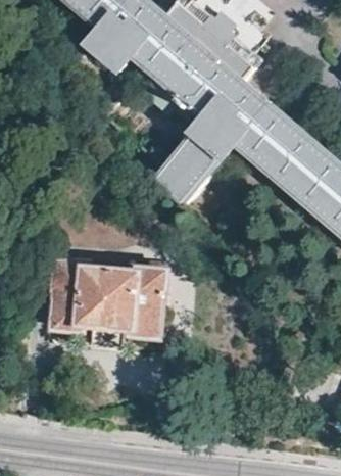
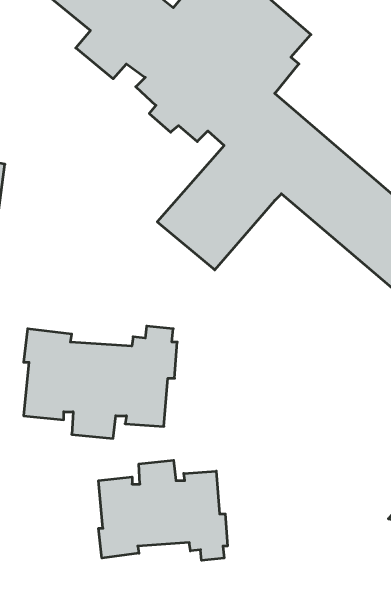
building: none -> [99,460,227,560]

